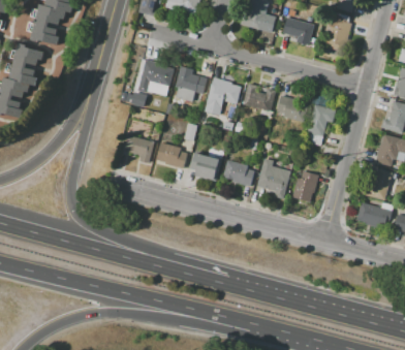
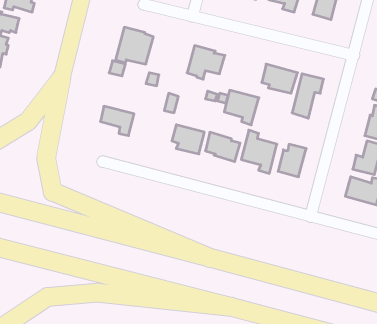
building: [174,65,206,102] -> none
building: [242,84,275,117] -> [224,90,259,125]
building: [155,142,190,168] -> none

